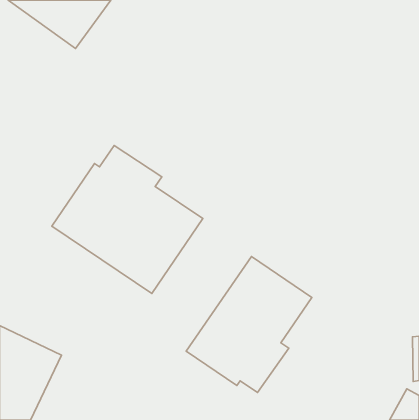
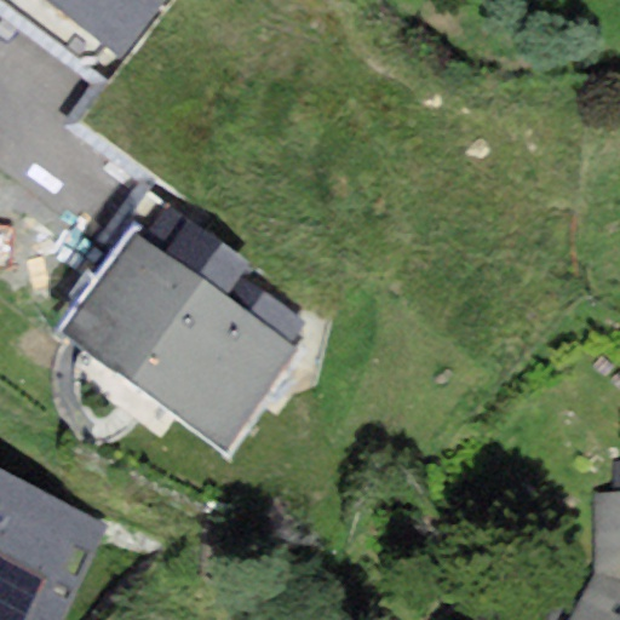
building: [186,256,312,393] -> none

